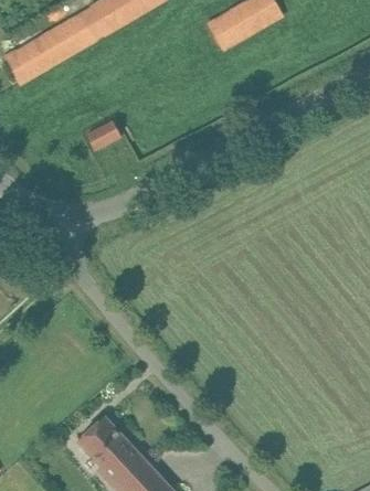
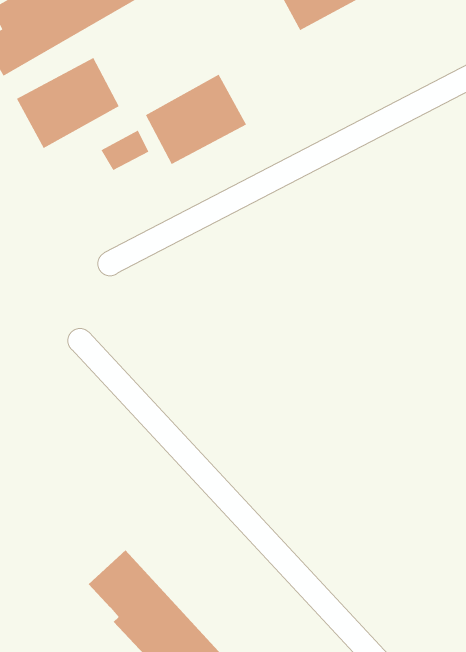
building: none -> [16,57,119,149]
building: none -> [145,74,247,165]

